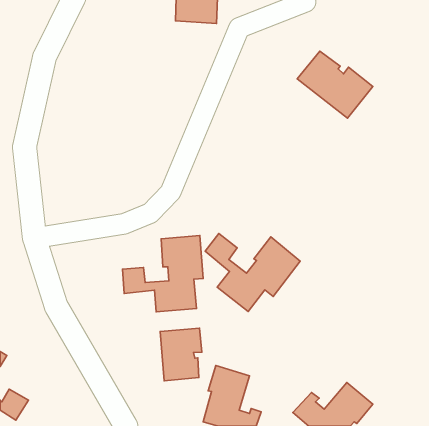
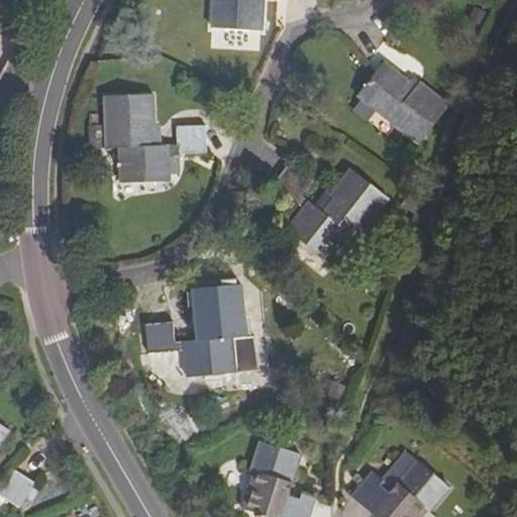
building: none -> [104,95,205,182]
building: [205,234,300,312] -> [274,164,388,257]
building: [160,328,202,381] -> none

